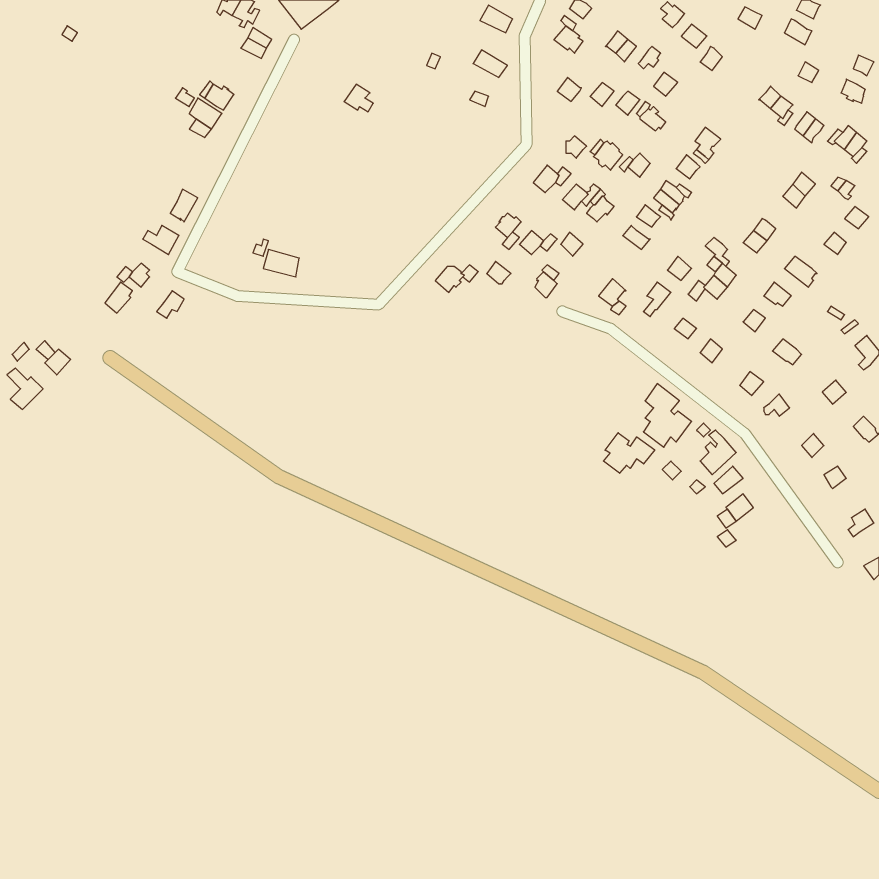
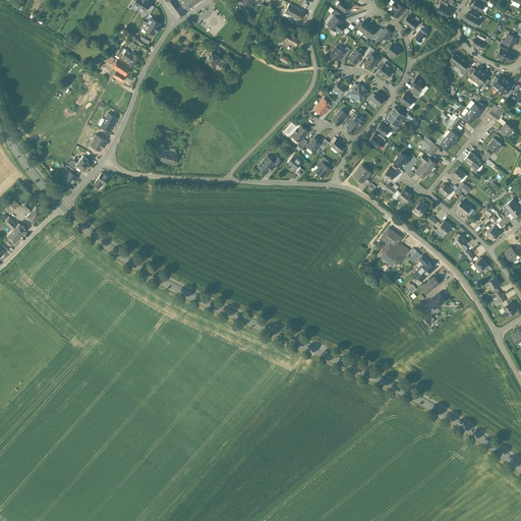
building: [603,433,655,473] -> none

